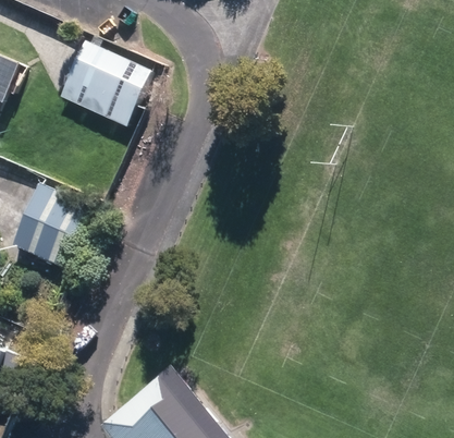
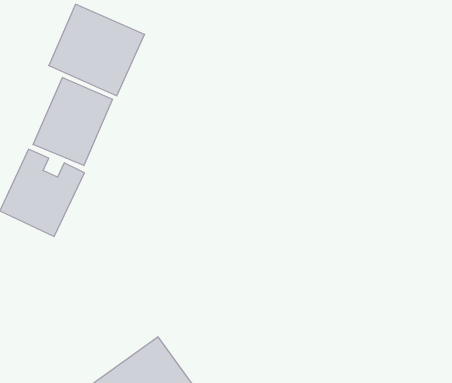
building: none -> [33,77,112,166]

